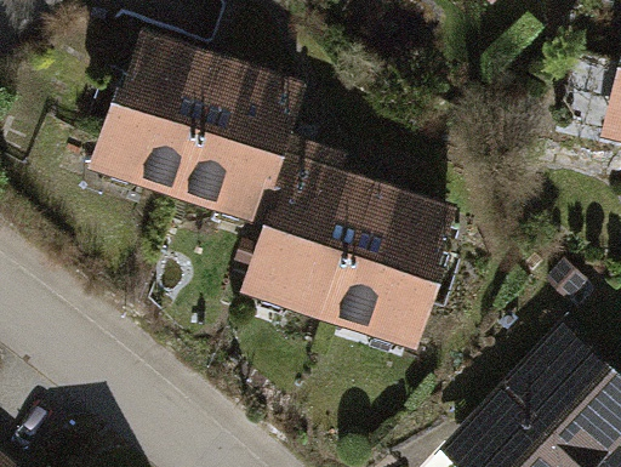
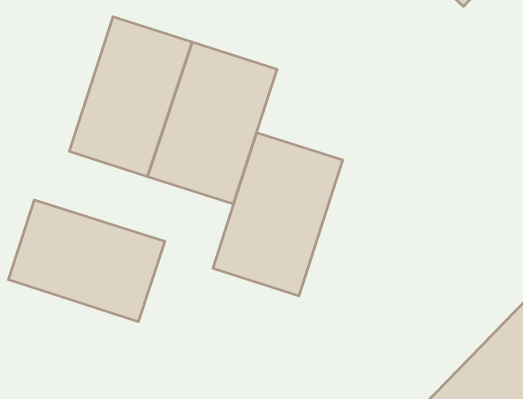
building: [327,180,463,352] -> none
building: none -> [8,200,165,322]

